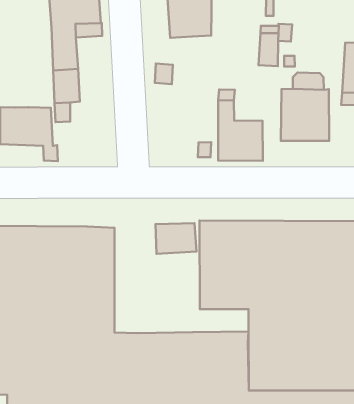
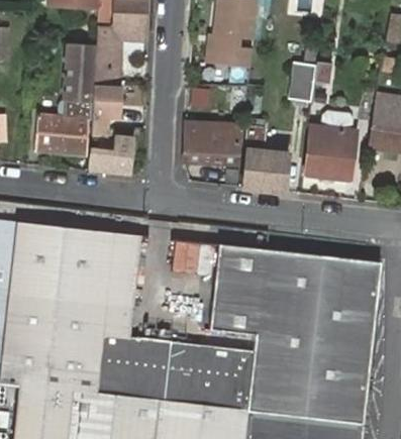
building: none -> [62,39,99,98]
building: none -> [185,120,240,160]
building: none -> [94,136,131,174]

